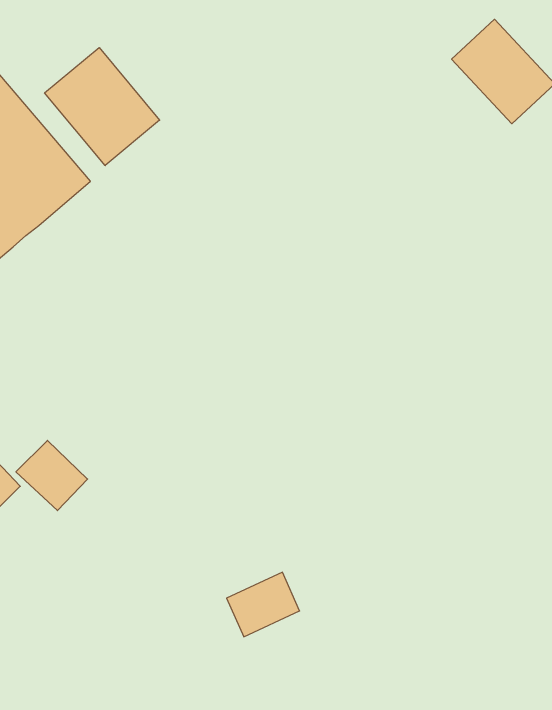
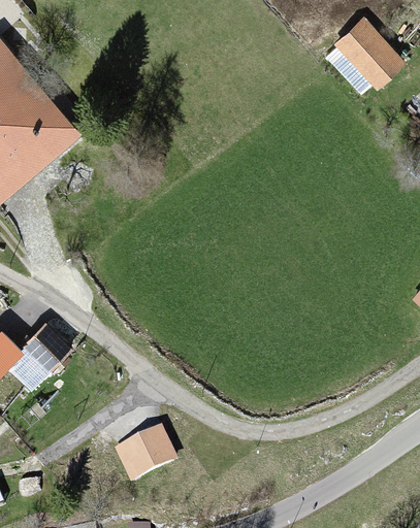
building: [45,48,160,166] -> none
building: [227,572,300,637] -> [118,430,170,476]

